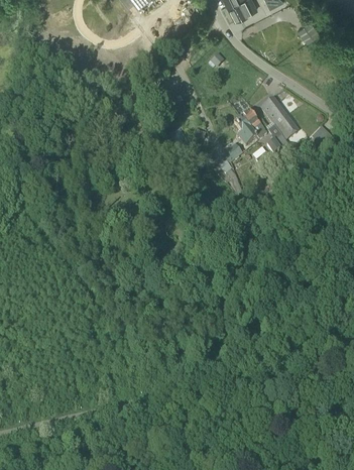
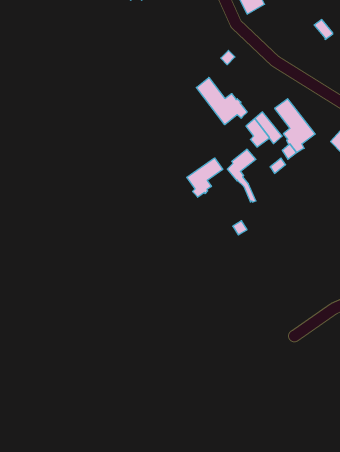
building: none -> [196,77,247,125]
building: none -> [187,158,223,197]

